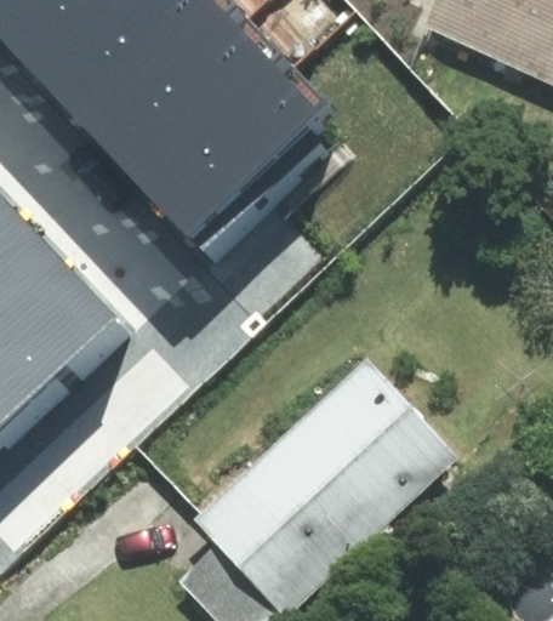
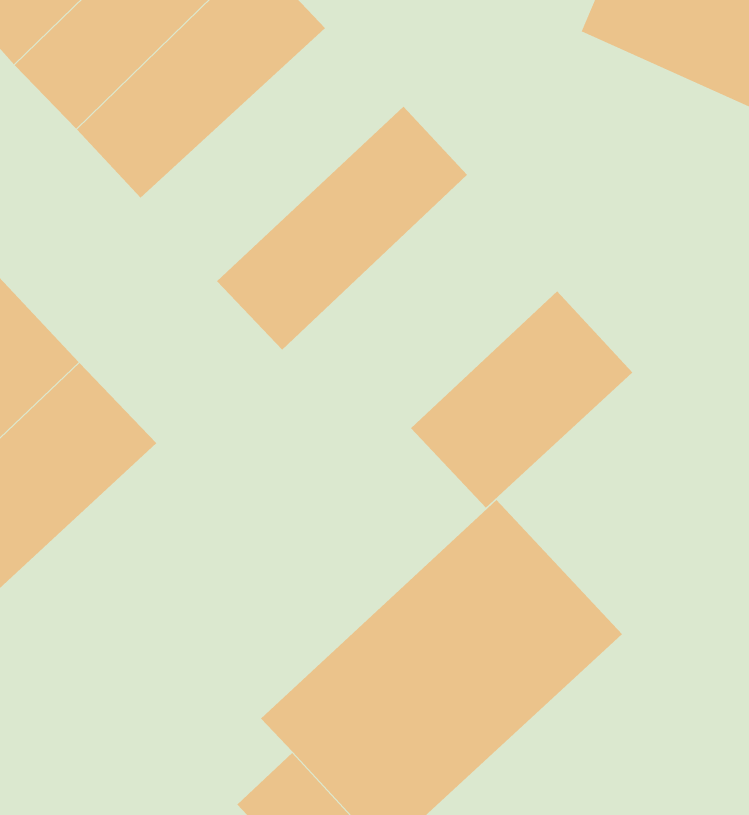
building: [108,23,297,205] -> none
building: none -> [410,290,633,509]

